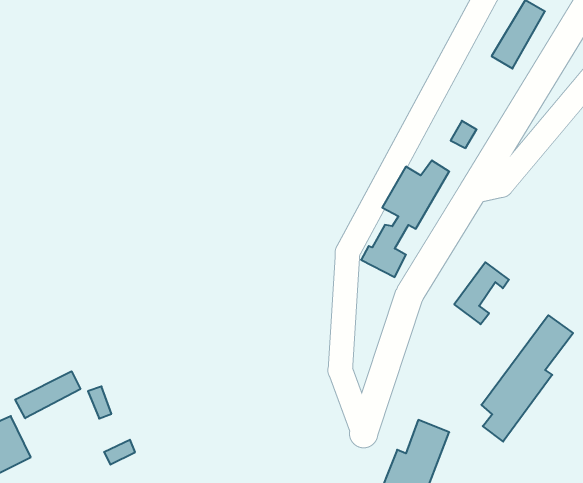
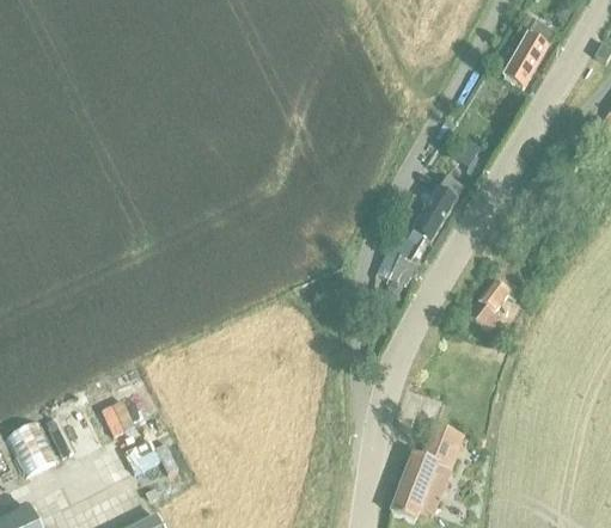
building: [481,315,573,442] -> none
building: [15,371,80,418] -> none

